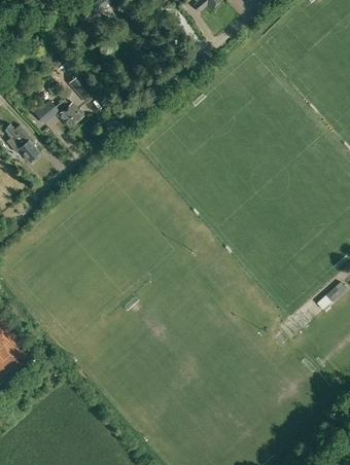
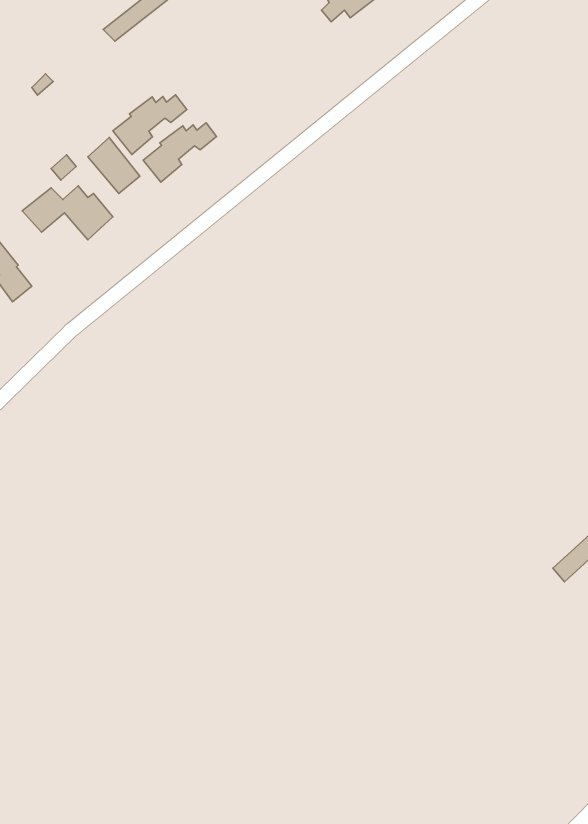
building: none -> [113,95,187,154]
building: none -> [143,123,217,182]

